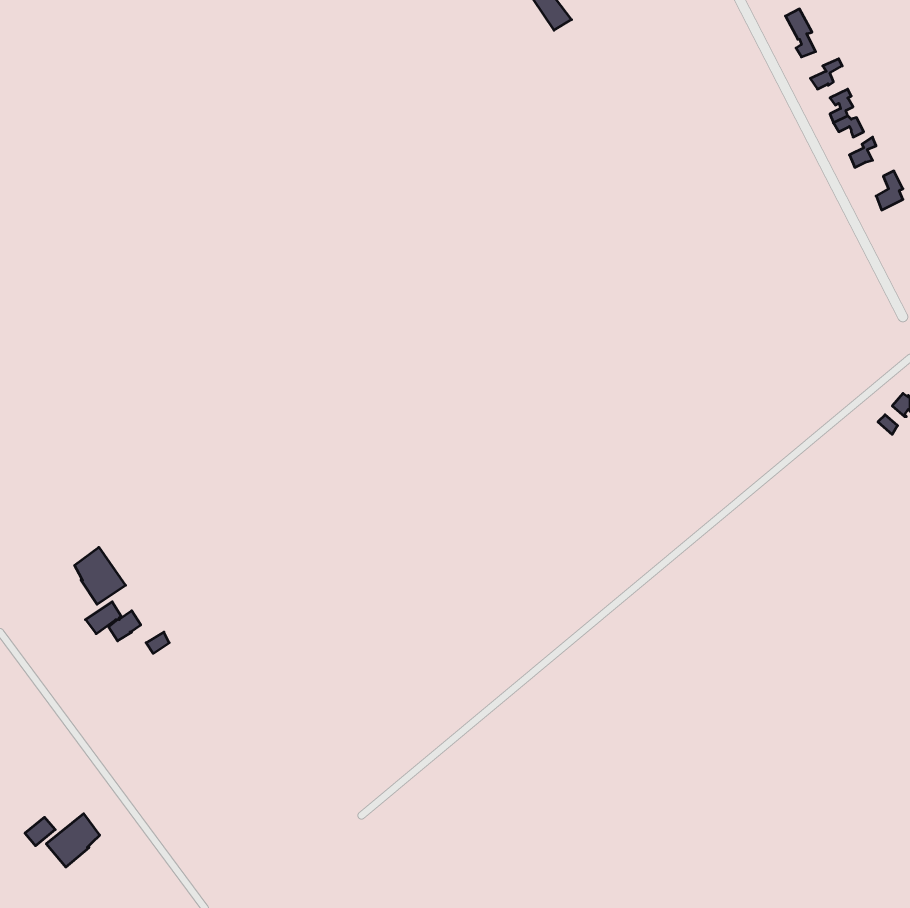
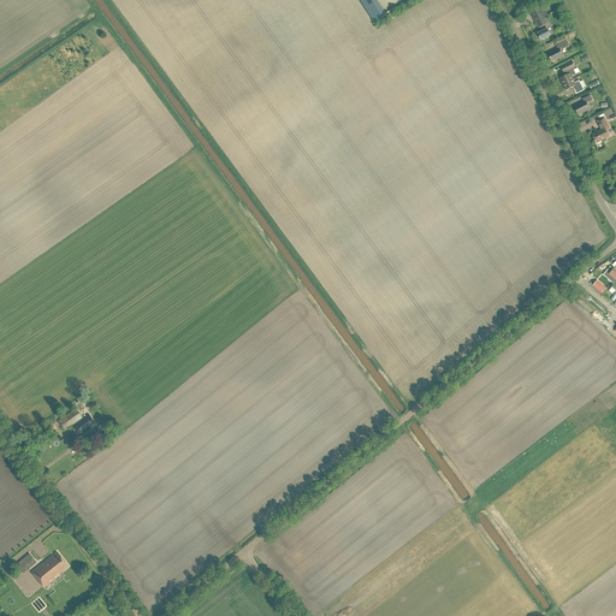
building: [75,547,126,604] -> none

